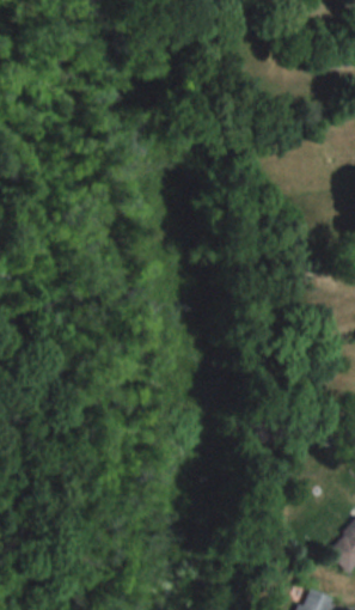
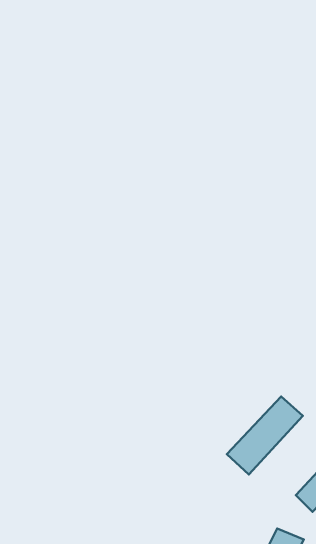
building: none -> [227,397,303,475]

